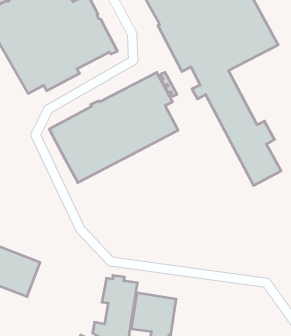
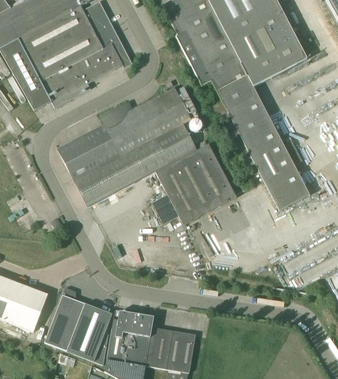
building: none -> [151,144,236,225]
building: none -> [44,287,112,365]

